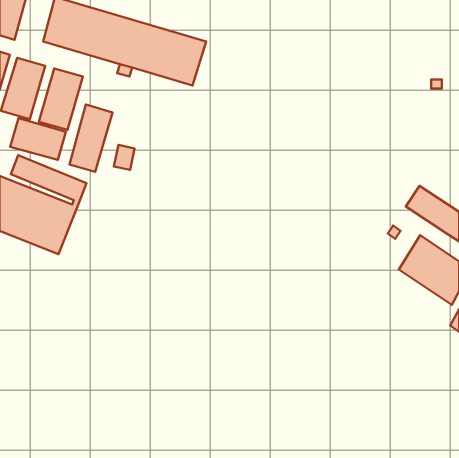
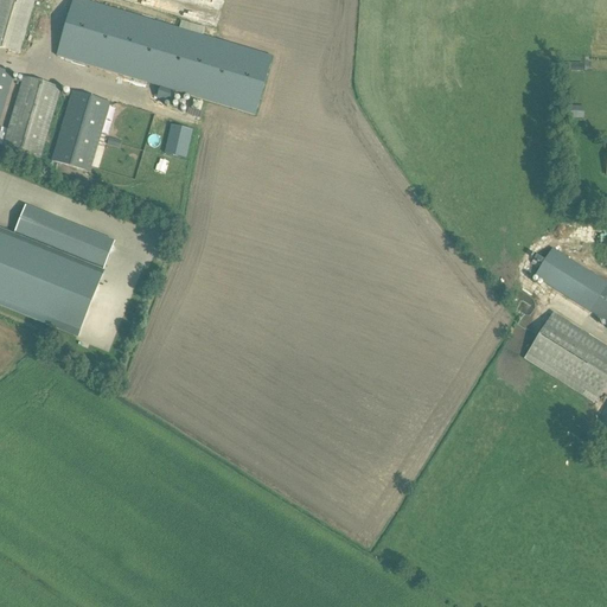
building: [69,105,112,172] -> none
building: [10,118,66,160] -> none
building: [114,145,135,170] -> [164,122,191,155]

